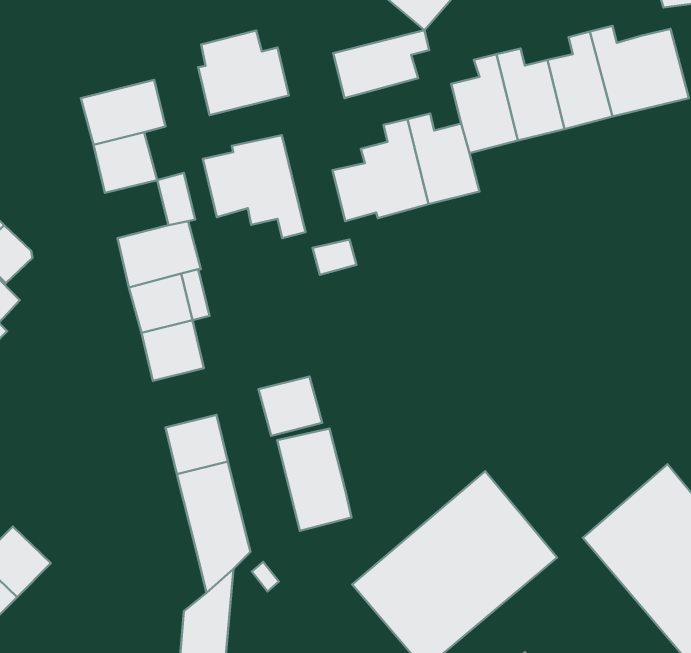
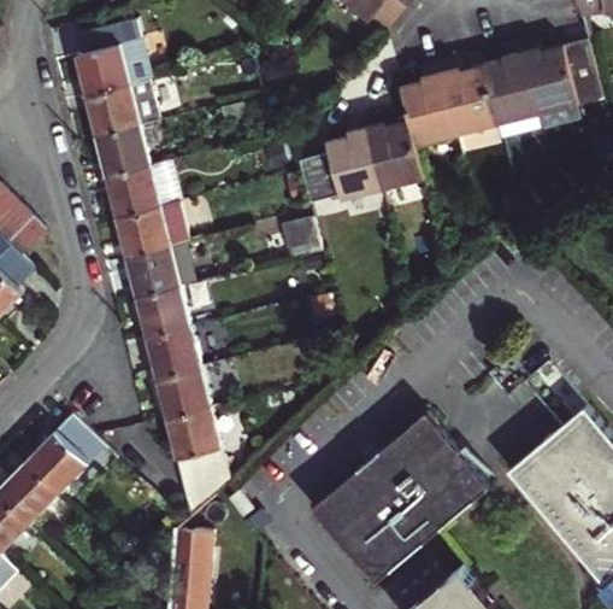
building: [333,30,429,98] -> none
building: [198,30,289,115] -> [73,25,151,98]
building: [203,135,305,238] -> none
building: none -> [104,168,158,217]
building: [259,376,322,436] -> [145,328,199,379]
building: [277,428,352,531] -> none
building: none -> [25,416,104,494]

